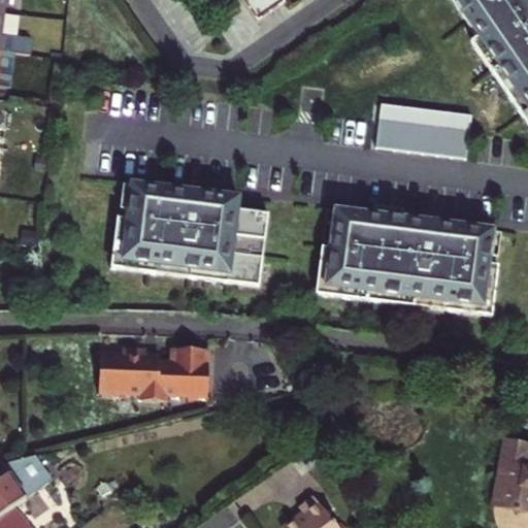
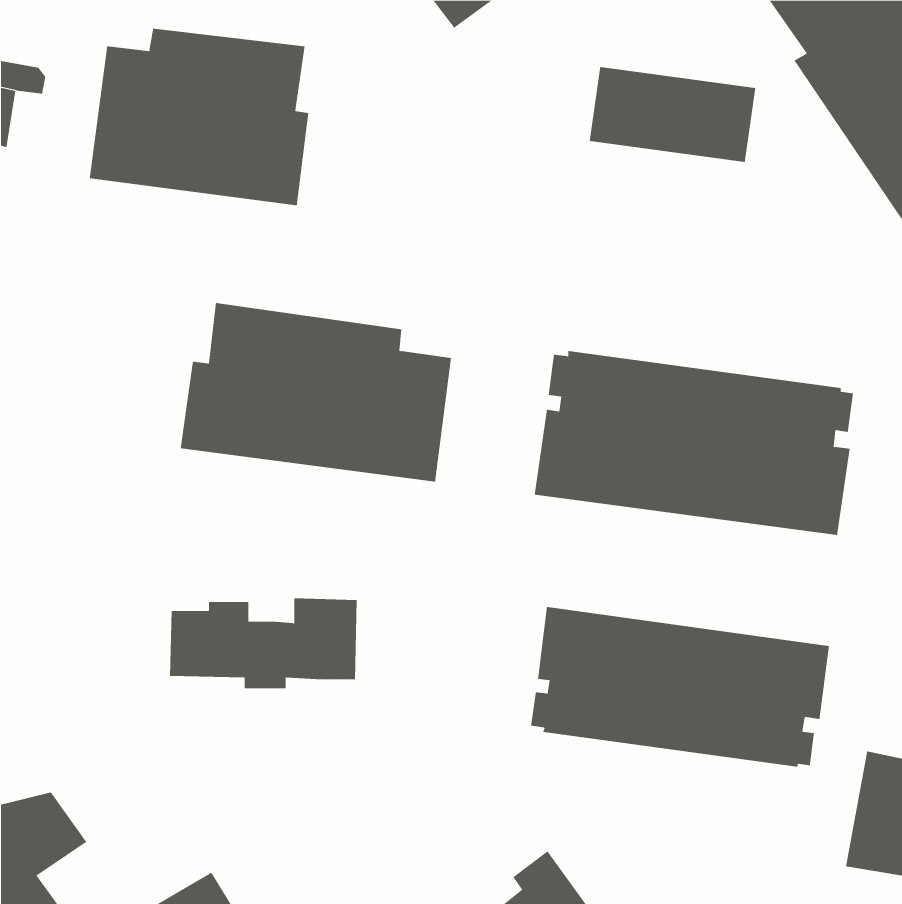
building: none -> [89,28,309,206]
building: [375,101,472,157] -> [589,66,756,162]
building: none -> [531,606,830,767]

